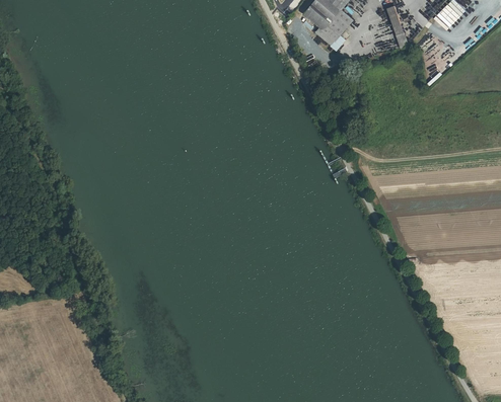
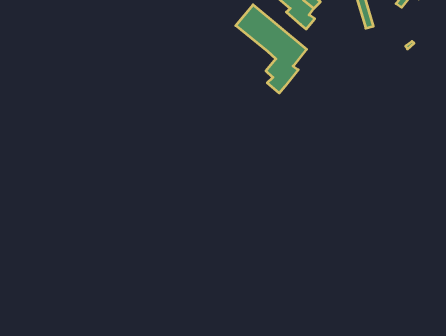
building: none -> [236,5,307,93]

